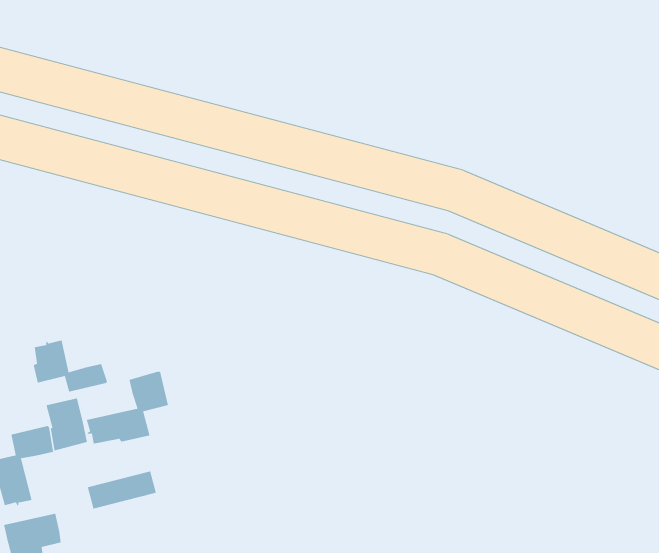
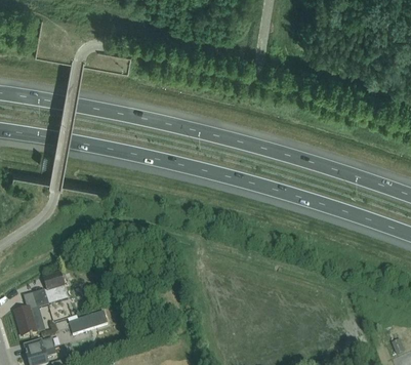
building: [33,339,108,393] -> none
building: [86,371,169,445] -> none

